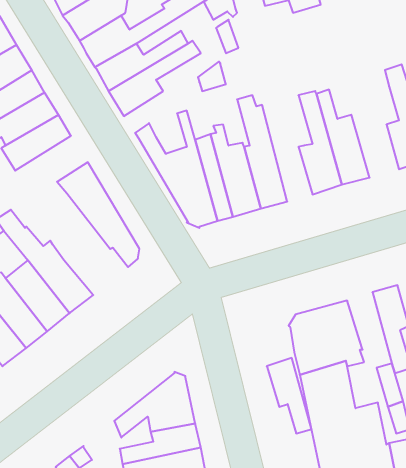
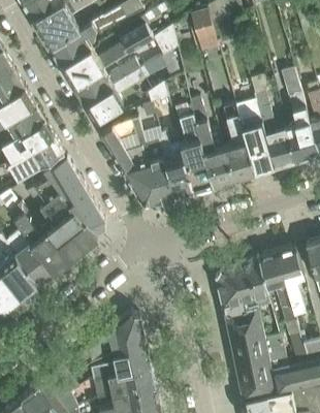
building: none -> [256,94,297,168]
building: none -> [192,99,233,186]
building: none -> [8,137,65,182]
building: none -> [29,180,97,255]
building: [267,358,311,433] -> [259,253,292,309]

